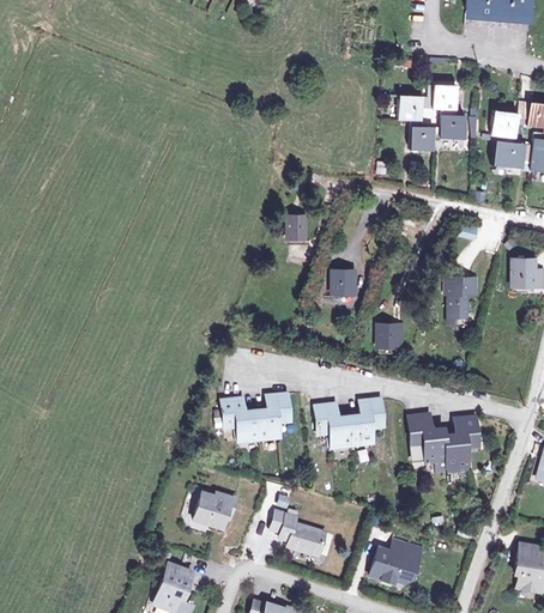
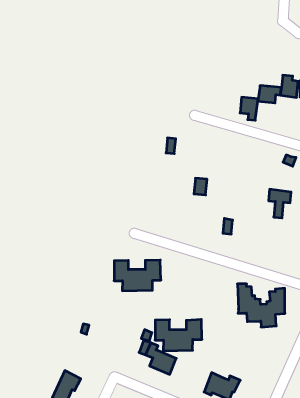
building: [429,86,458,110] -> none
building: [399,97,423,128] -> [240,97,258,120]
building: [312,397,381,448] -> [155,319,202,351]
building: [194,492,236,528] -> none

